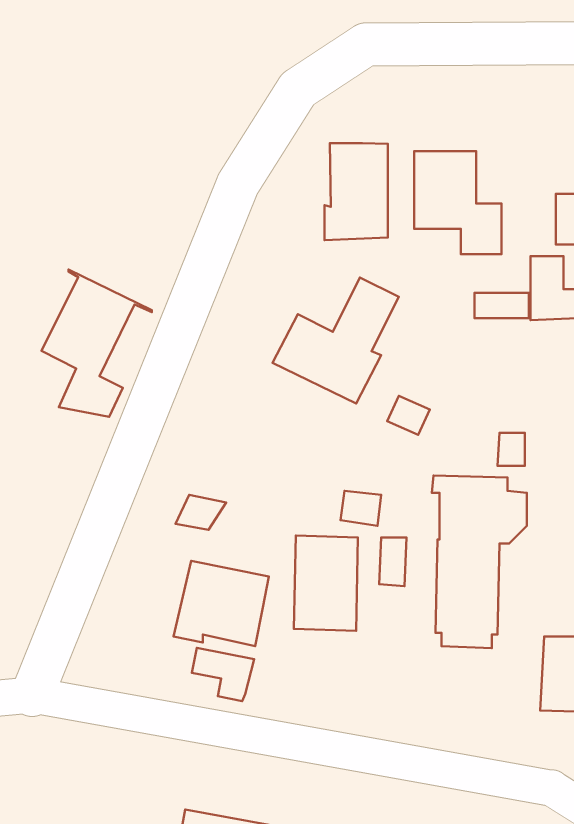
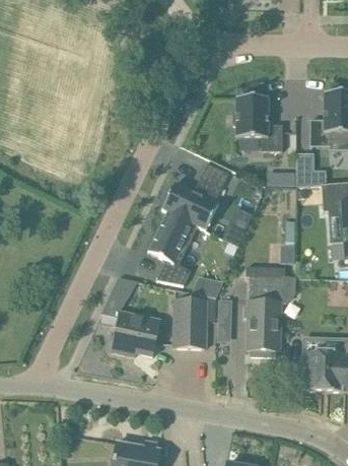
building: [325,143,388,240] -> none
building: [41,269,152,417] -> [147,208,205,285]
building: [192,648,254,701] -> none

